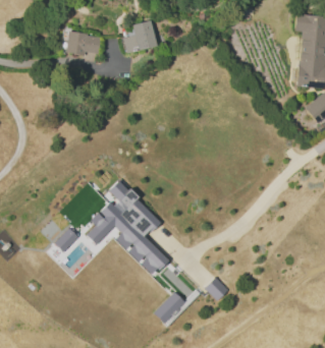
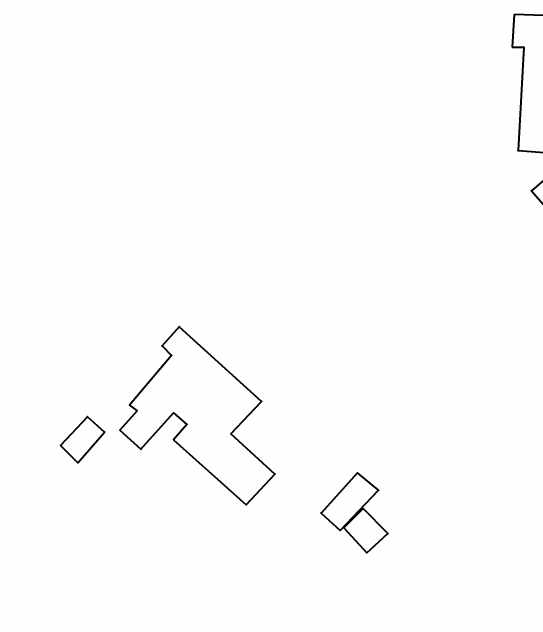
building: [123,20,156,52] -> none
building: [67,31,101,55] -> none
building: [155,292,185,323] -> [321,473,379,530]

